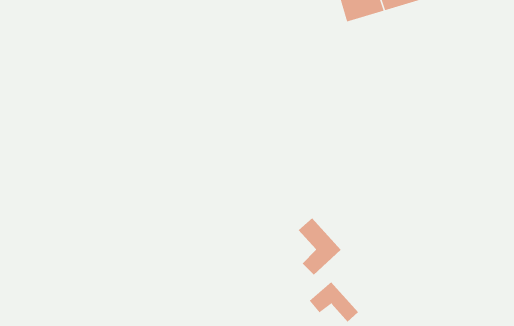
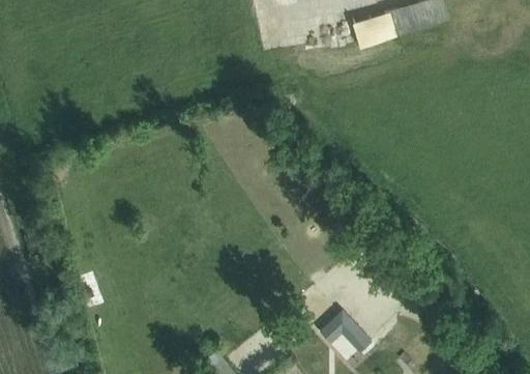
building: [298,217,341,276] -> none

